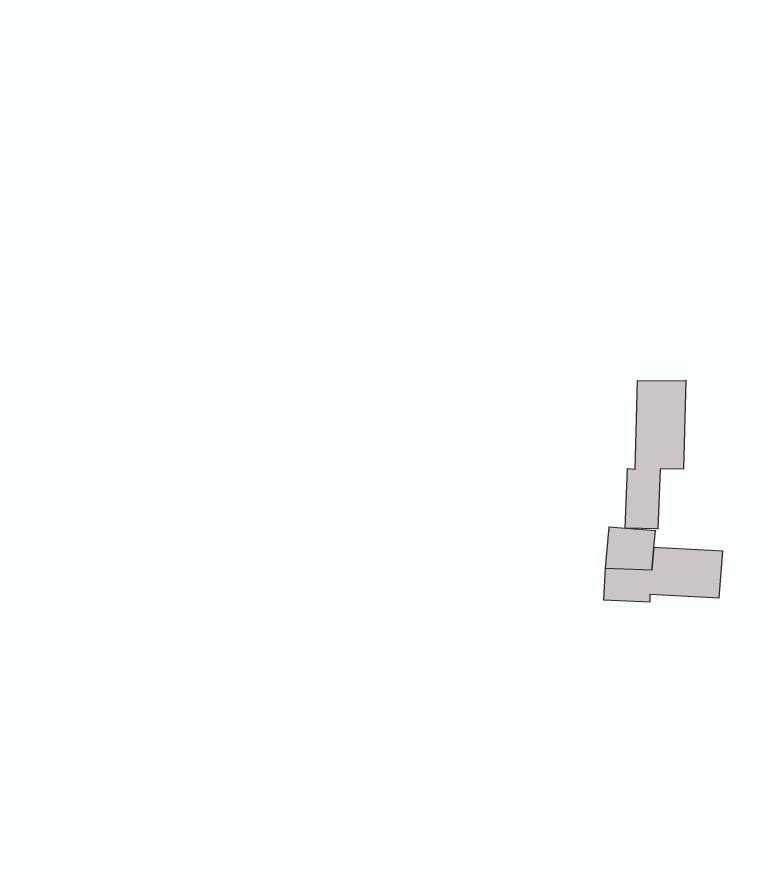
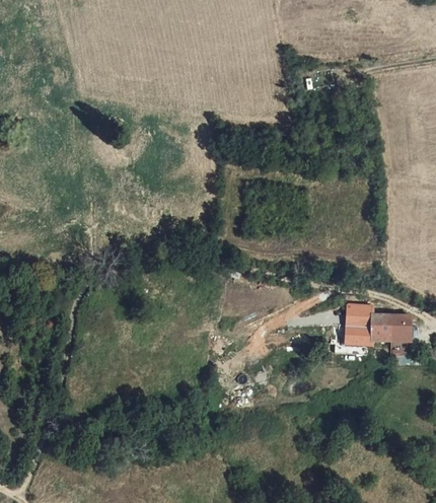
building: [625,380,686,529] -> none

